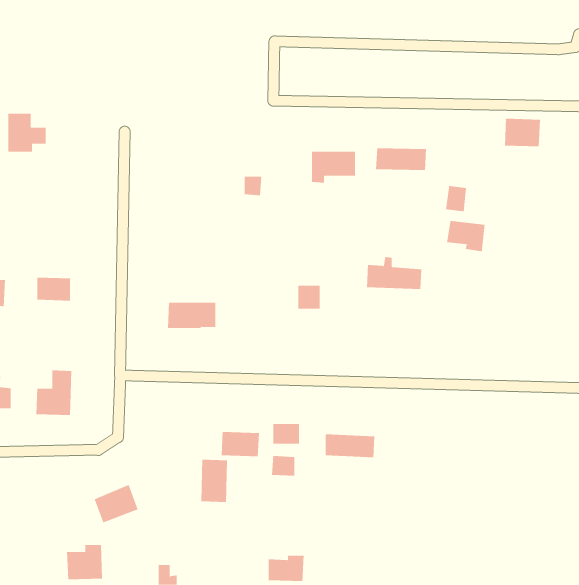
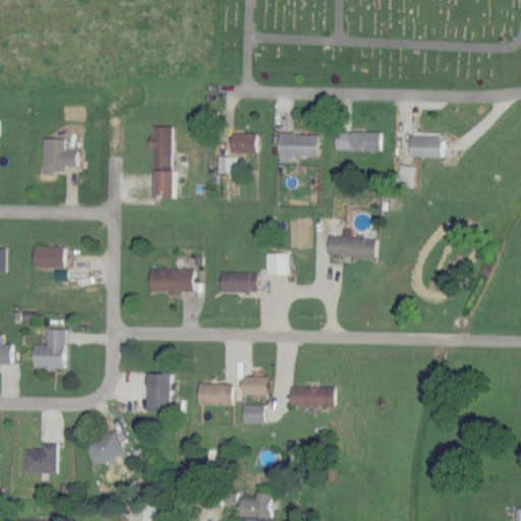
building: [8,113,46,152] -> [41,138,75,173]
building: [504,118,541,147] -> [409,132,442,158]
building: none -> [150,126,172,197]
building: none -> [230,132,254,153]
building: [447,220,485,252] -> none
building: none -> [220,272,256,293]
building: [200,459,228,503] -> [147,373,171,412]
building: [66,544,103,580] -> [22,443,55,474]

